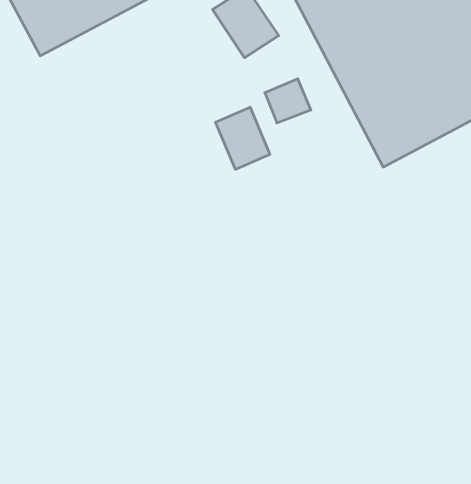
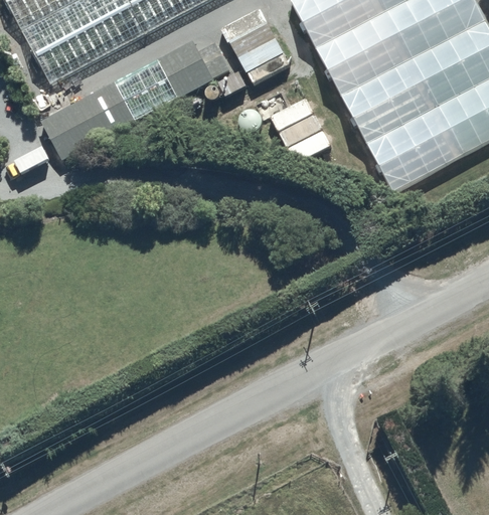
building: none -> [18,43,218,174]
building: [216,107,270,169] -> none

